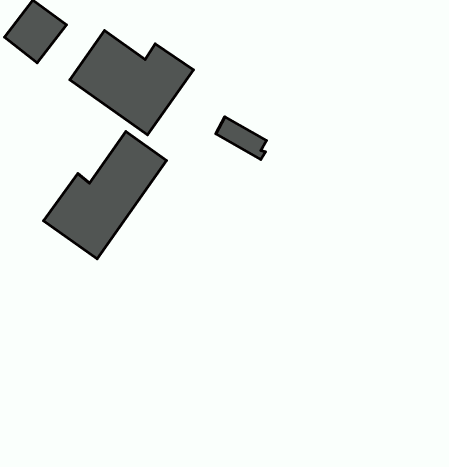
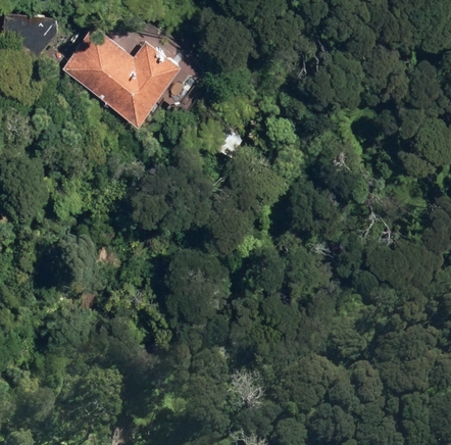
building: [43,132,166,259] -> none

